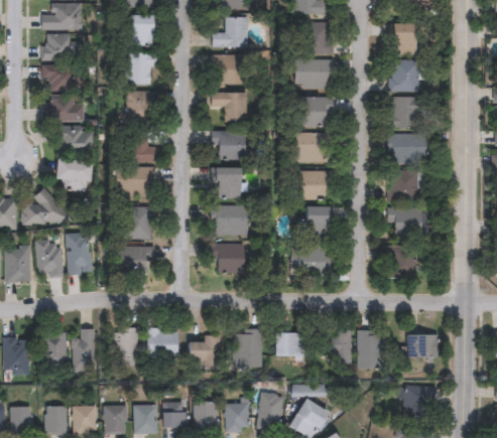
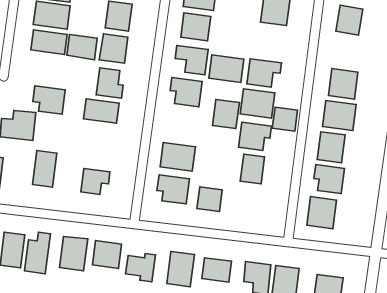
building: [294,60,332,88] -> [209,55,244,83]
building: [390,60,418,92] -> none
building: [58,129,91,154] -> [67,34,97,60]
building: none -> [272,107,297,131]
building: [212,169,239,199] -> [213,99,239,129]
building: [124,207,151,240] -> none
building: [35,241,61,278] -> none
building: [297,248,324,273] -> [197,187,222,212]

